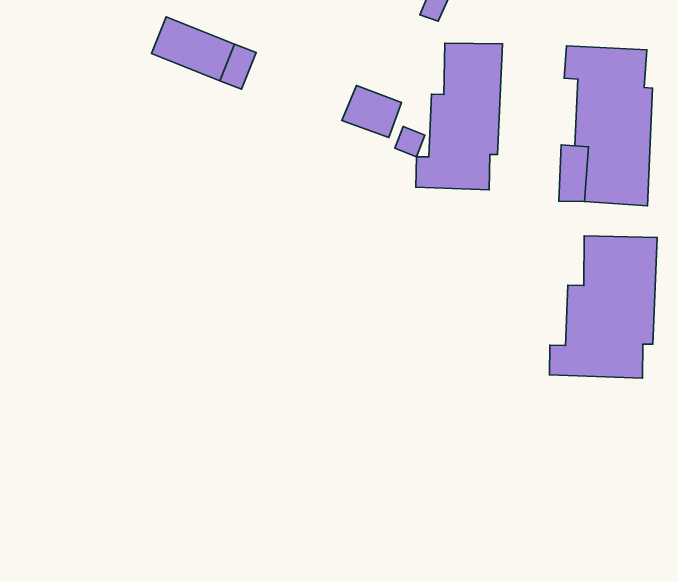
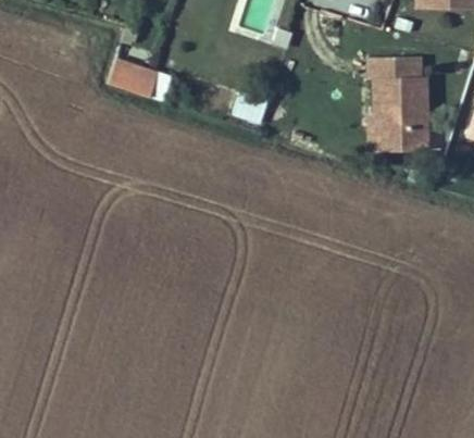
building: [416,43,502,190] -> none
building: [549,236,657,378] -> none

